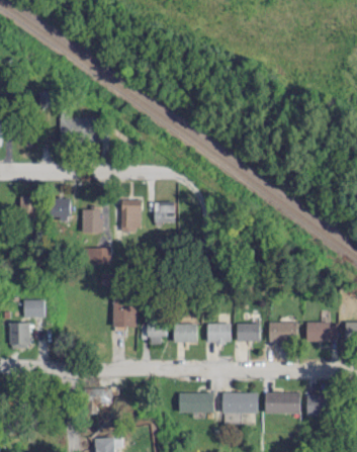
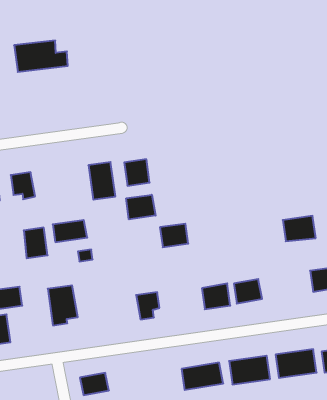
building: [60,117,106,143] -> [14,41,68,72]
building: [82,207,101,233] -> [24,228,48,258]
building: none -> [126,195,156,219]
building: [113,297,137,331] -> [48,285,78,325]
building: [269,322,296,342] -> [283,216,316,241]
building: [174,324,197,342] -> [160,224,188,247]

